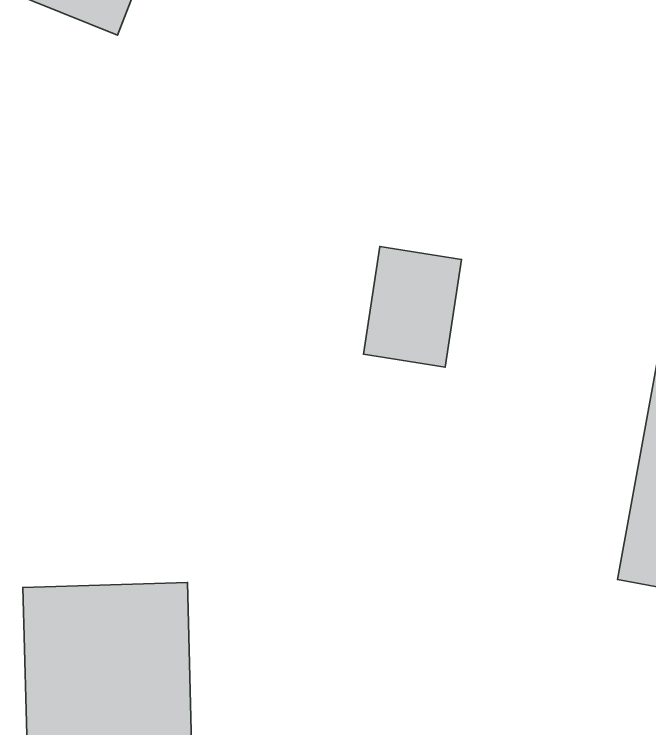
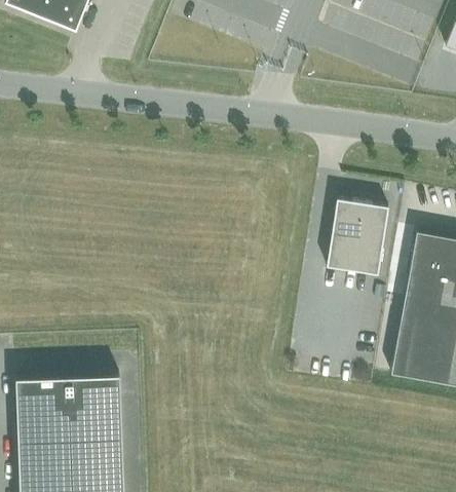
building: [364,247,461,367] -> [327,199,388,275]

